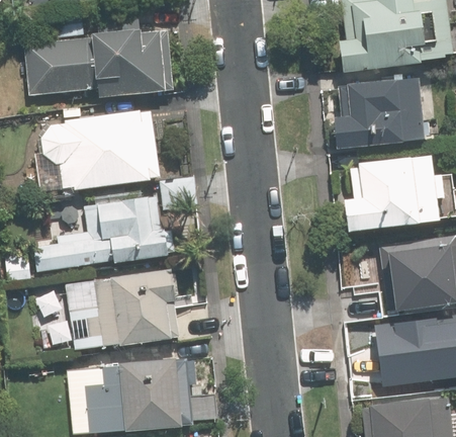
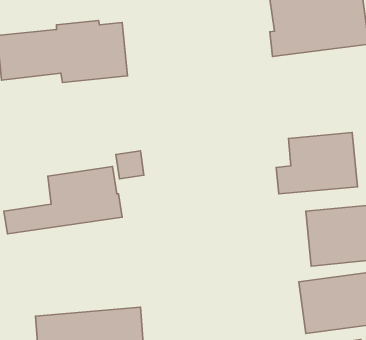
building: [334,76,427,147] -> none
building: [39,110,159,189] -> none
building: [67,268,180,350] -> none

